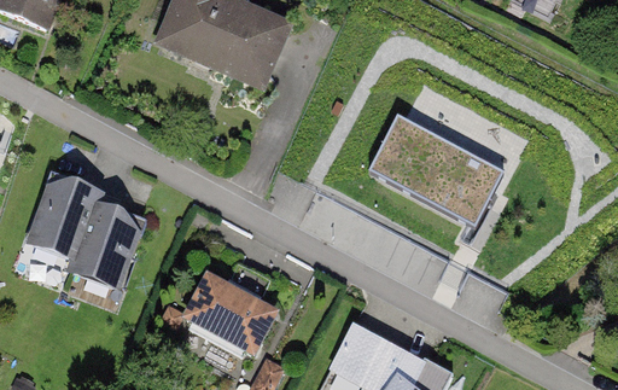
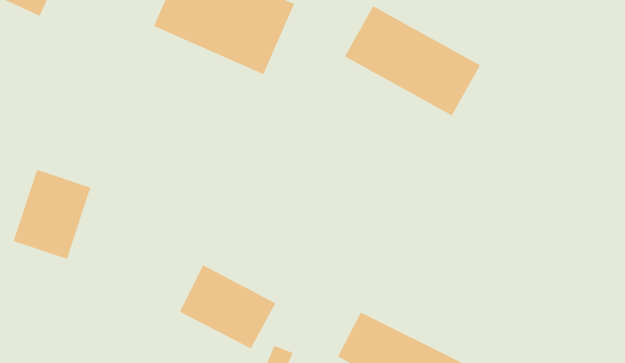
building: [365,115,497,222] -> [344,6,481,116]
building: [68,211,145,299] -> none

